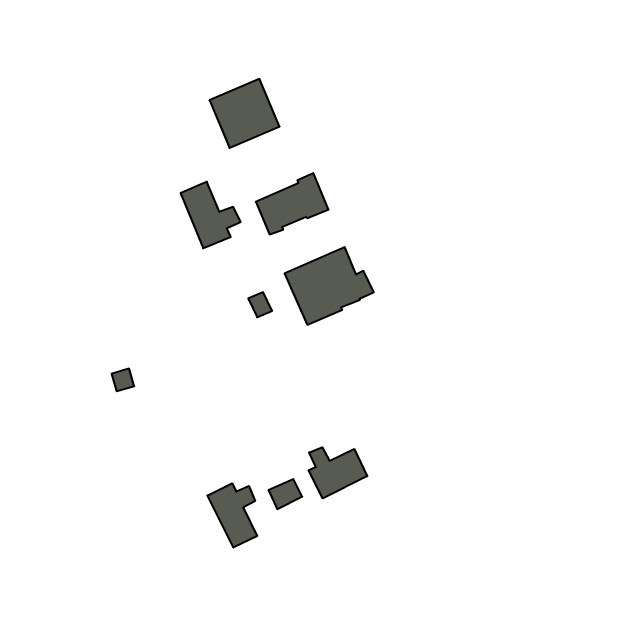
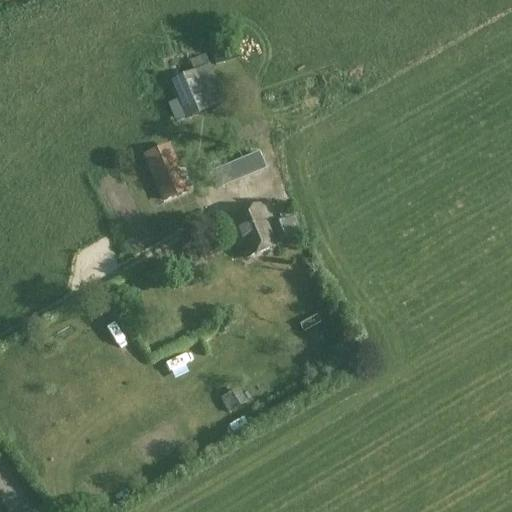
building: [309,447,367,498] -> none
building: [207,483,257,548] -> none

